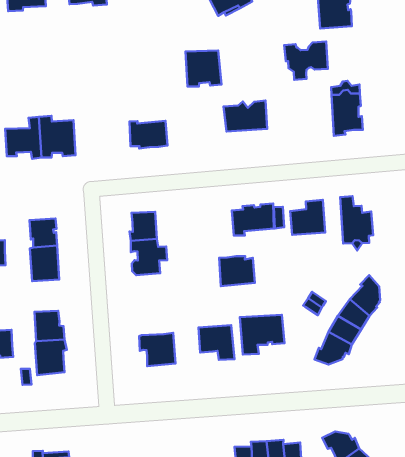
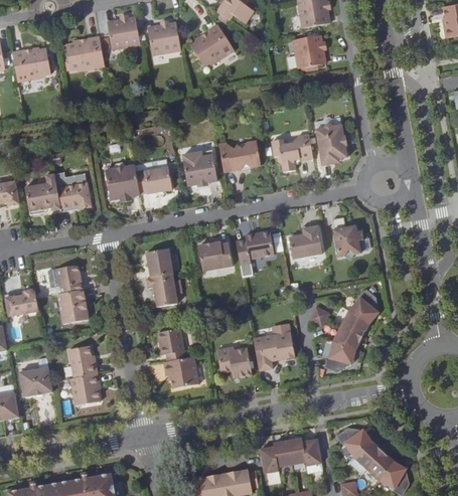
building: [284,42,328,80] -> [271,132,312,169]
building: [186,50,222,87] -> [182,149,217,184]
building: none -> [105,161,140,199]
building: [219,256,255,286] -> [197,240,232,270]
building: none -> [157,327,186,360]

